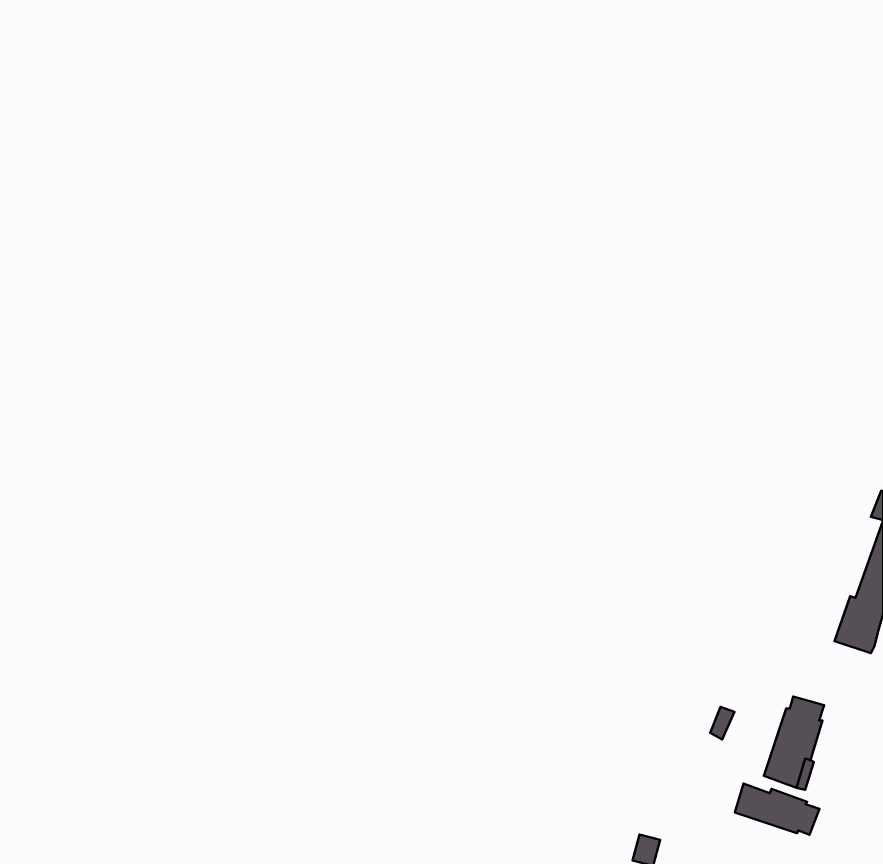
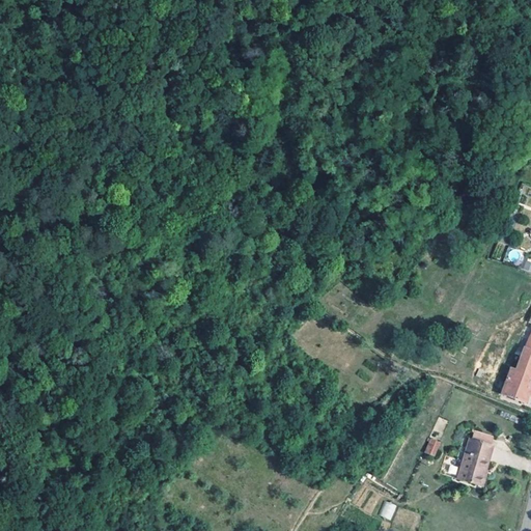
building: [735,783,820,835] -> none

